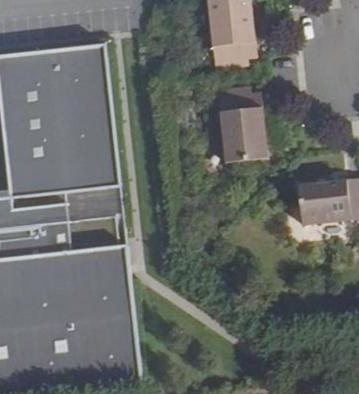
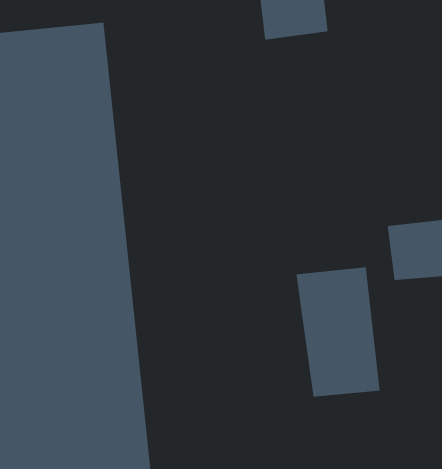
building: [220,89,272,158] -> none
building: none -> [295,267,380,398]

